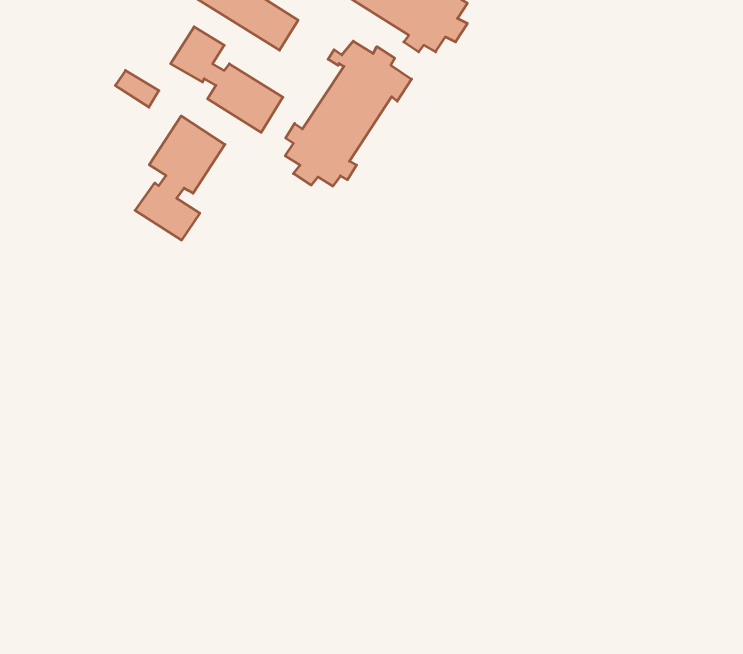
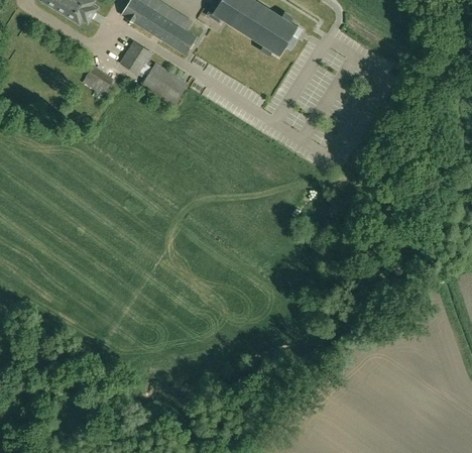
building: [285,41,412,186] -> none
building: [135,116,225,240] -> none

